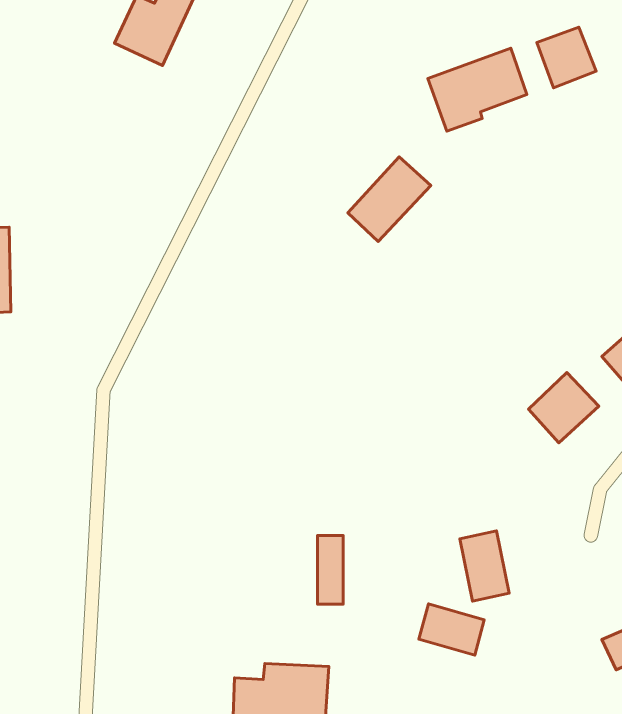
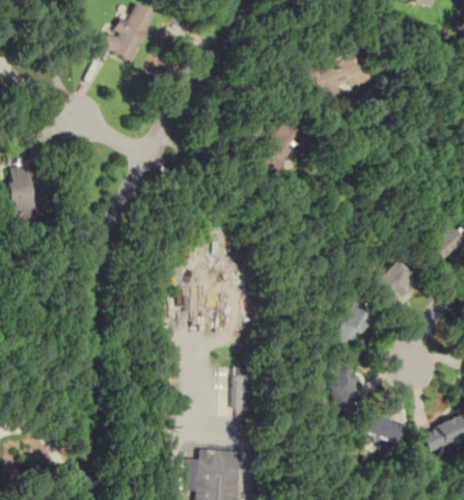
building: [537,27,596,88] -> none
building: none -> [334,301,375,348]
building: [419,604,484,655] -> [364,412,407,445]

